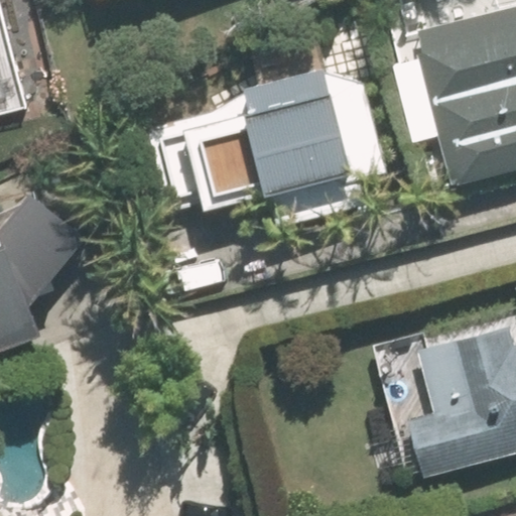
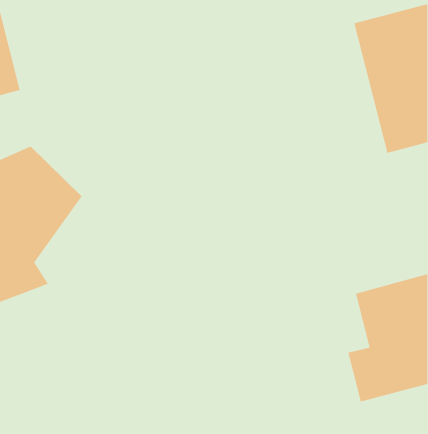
building: [186,66,362,210] -> none

